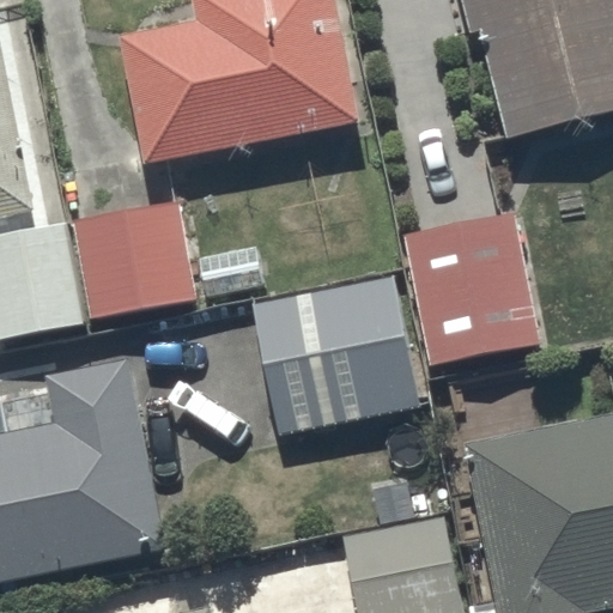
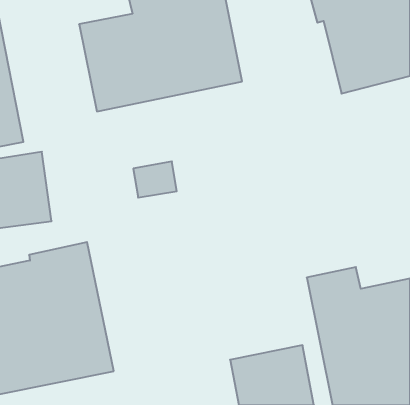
building: [73,204,193,317] -> none
building: [400,210,544,365] -> none
building: [249,273,421,436] -> none

